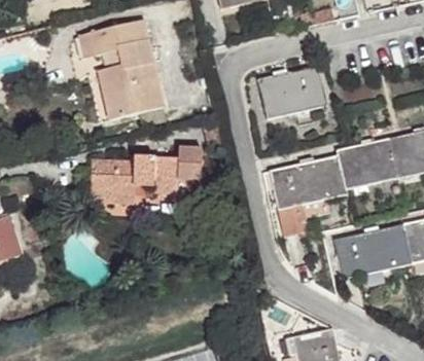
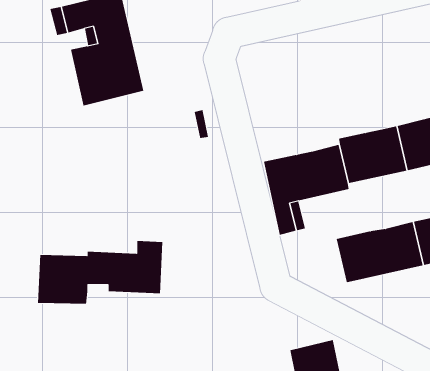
building: [257,66,326,118] -> none
building: [89,147,201,204] -> [37,241,163,304]

